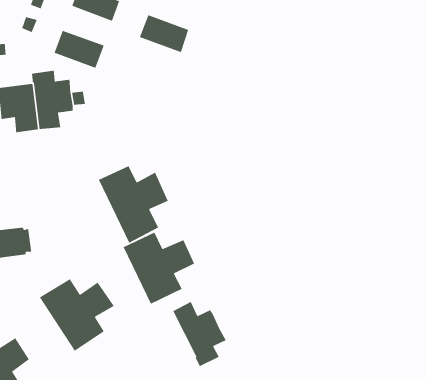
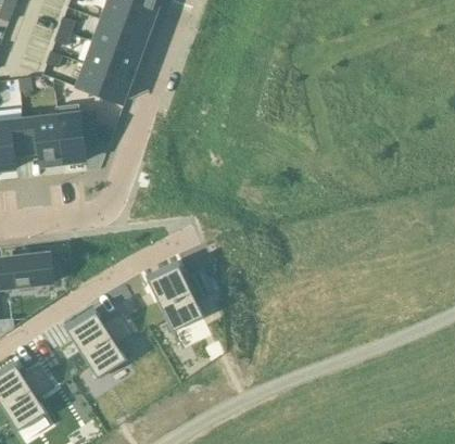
building: [139,14,189,53] -> [87,40,136,78]
building: [98,165,169,244] -> none
building: [172,301,227,367] -> none

